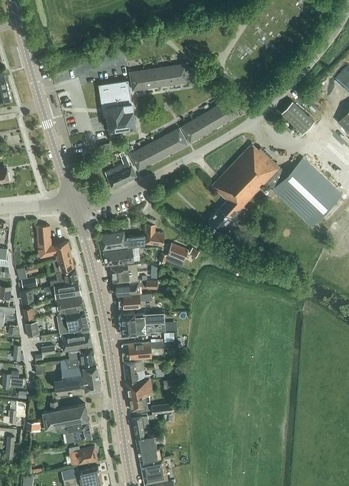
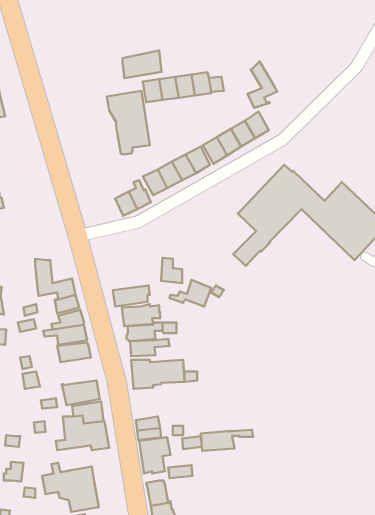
building: none -> [122,50,161,78]
building: none -> [248,62,277,108]
building: [281,101,314,134] -> none
building: [99,232,144,250] -> none
building: [56,310,89,334] -> none
building: [122,342,167,360] -> [201,430,253,451]

